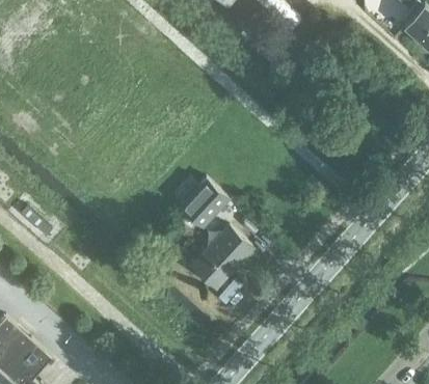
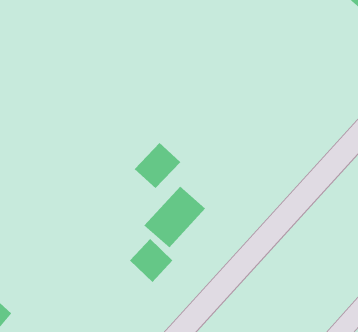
building: none -> [129,238,173,283]

